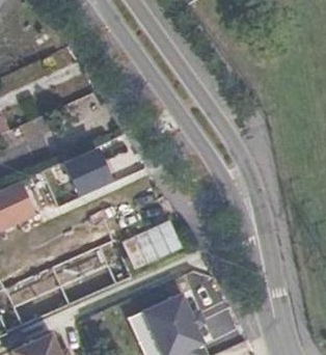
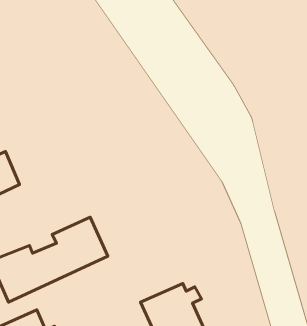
building: [65,152,107,190] -> none
building: [120,218,181,267] -> none

